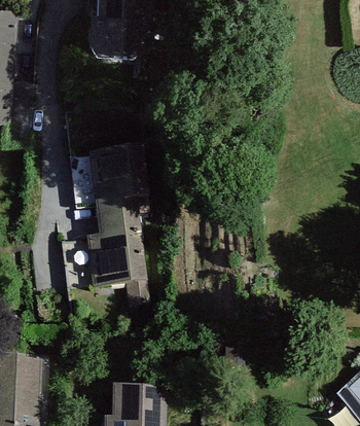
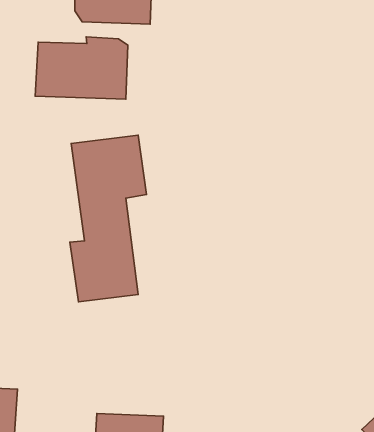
building: none -> [35,37,128,99]

